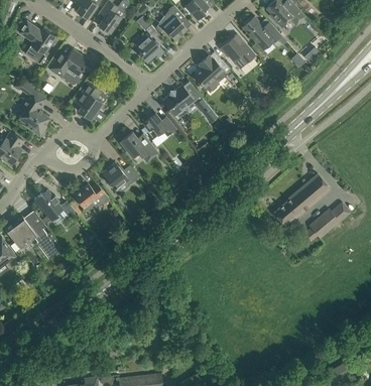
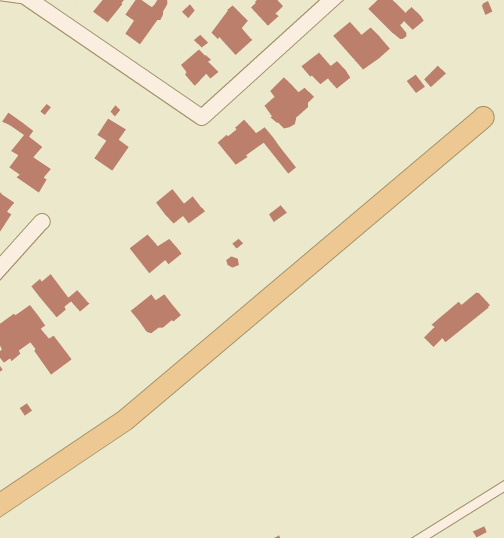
building: [19,20,55,63] -> none
building: [49,49,89,76] -> none
building: [143,113,175,135] -> none
building: [274,173,331,224] -> none
building: [74,183,110,212] -> [129,293,182,334]

